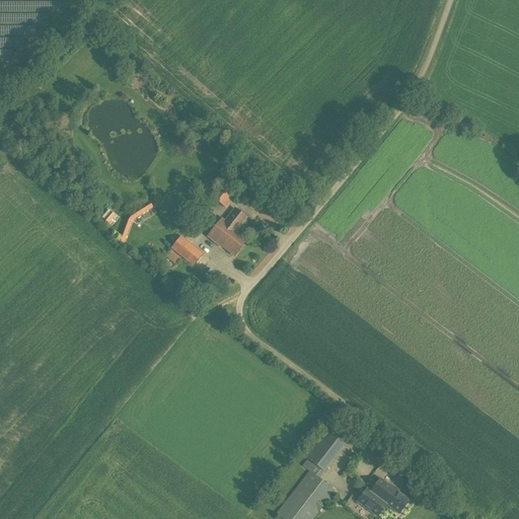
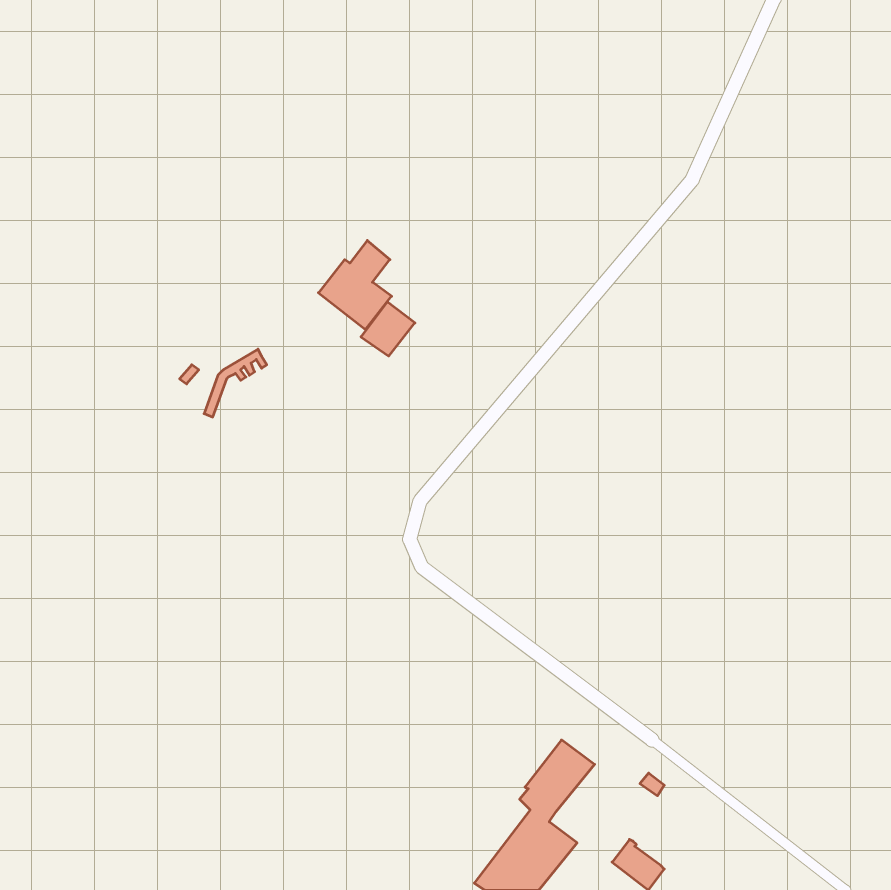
building: [206,206,248,257] -> [318,240,392,329]
building: [170,235,204,266] -> none
building: [369,477,409,513] -> none

